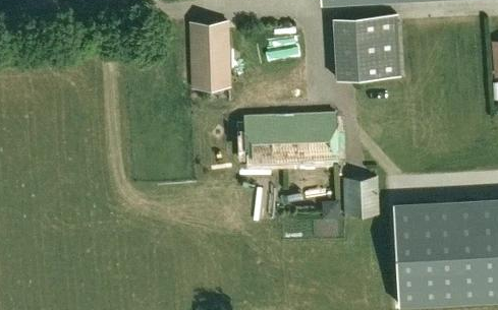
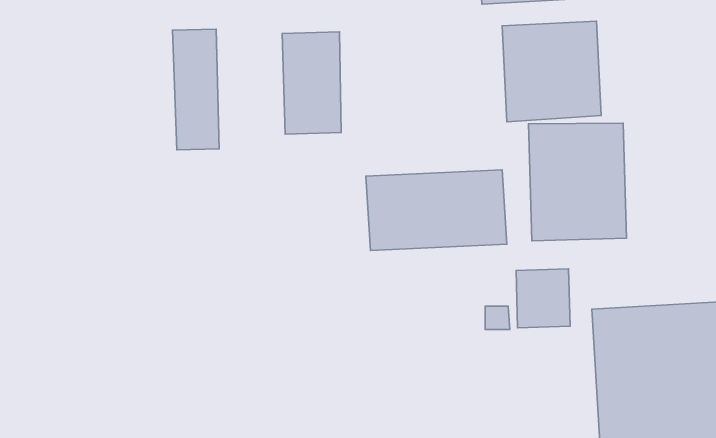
building: none -> [173,29,219,150]
building: none -> [529,123,626,241]

